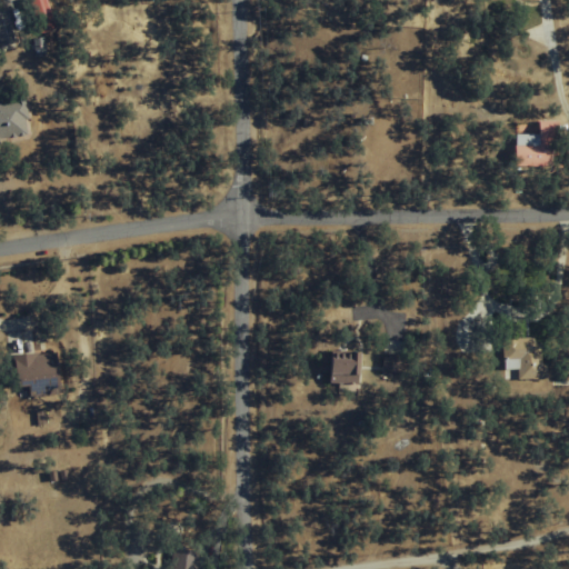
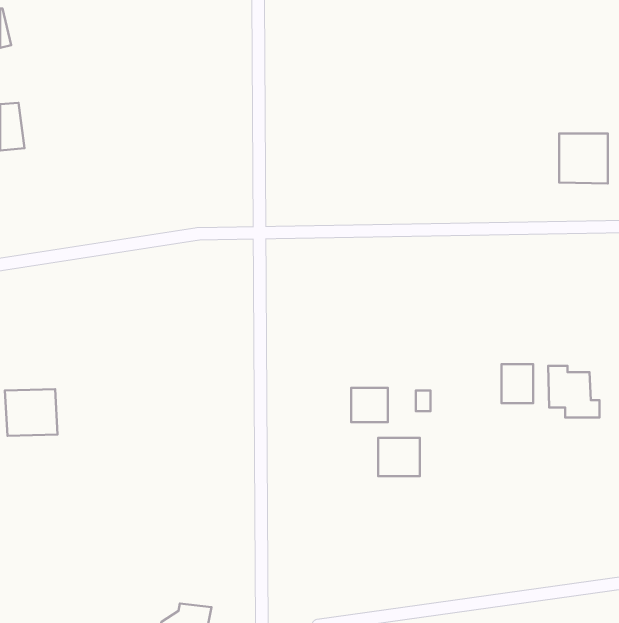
building: none -> [502,364,533,403]
building: none -> [378,438,420,476]

